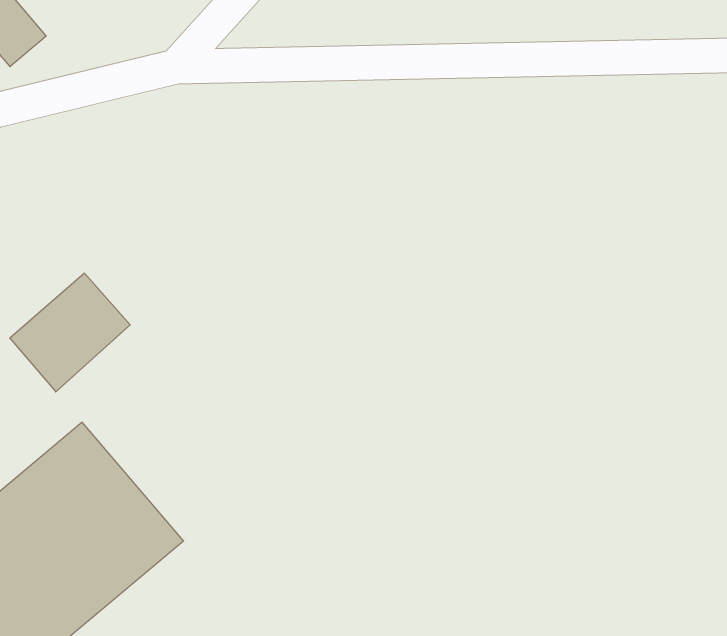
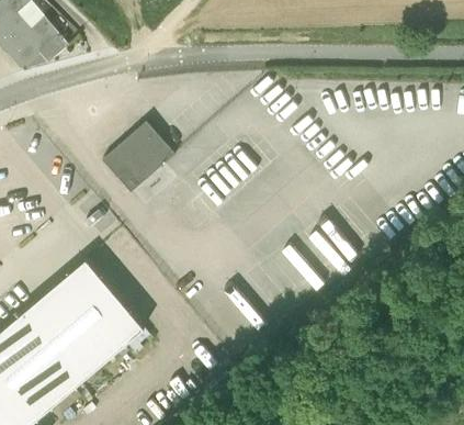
building: [10,273,130,392] -> [102,123,171,191]

